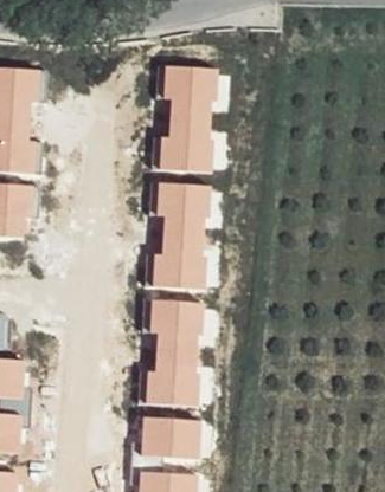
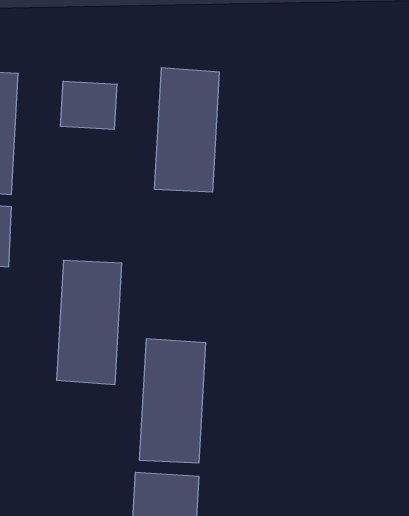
building: none -> [61,81,117,130]
building: [152,182,208,290] -> [57,260,122,384]

